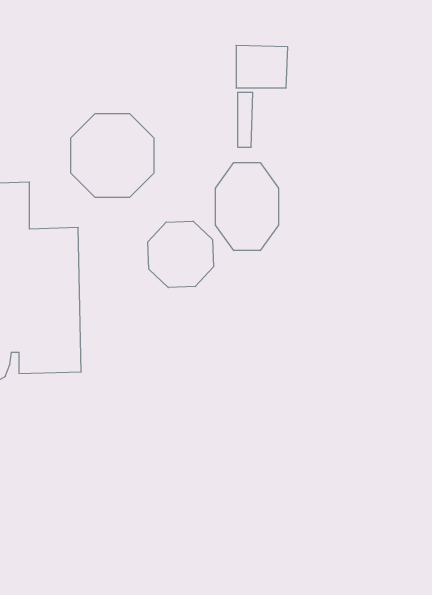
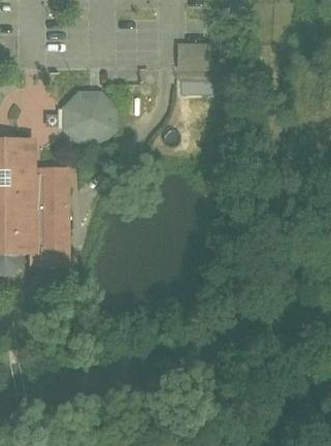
building: [216,163,278,251] -> none
building: [148,221,213,288] -> none

